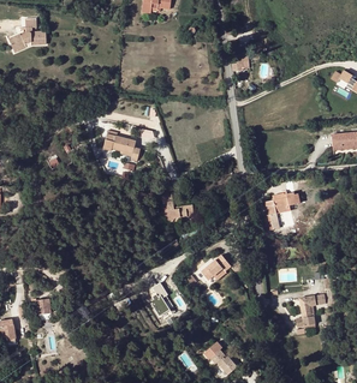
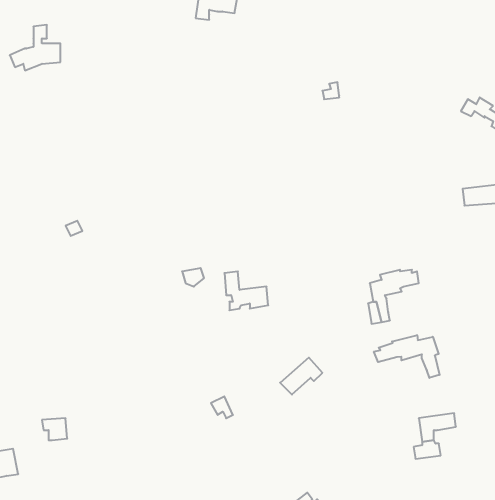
building: [102,130,139,161] -> none
building: none -> [374,335,440,378]

